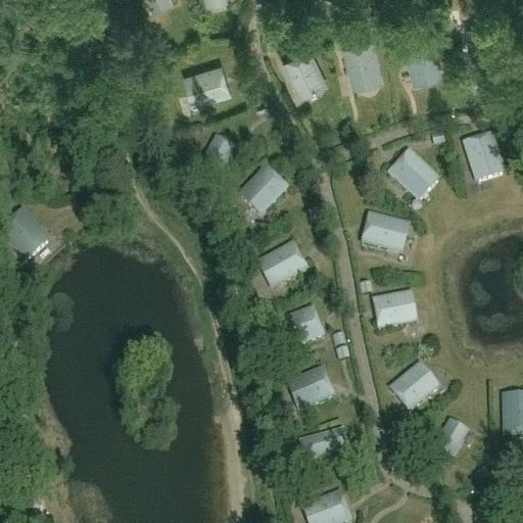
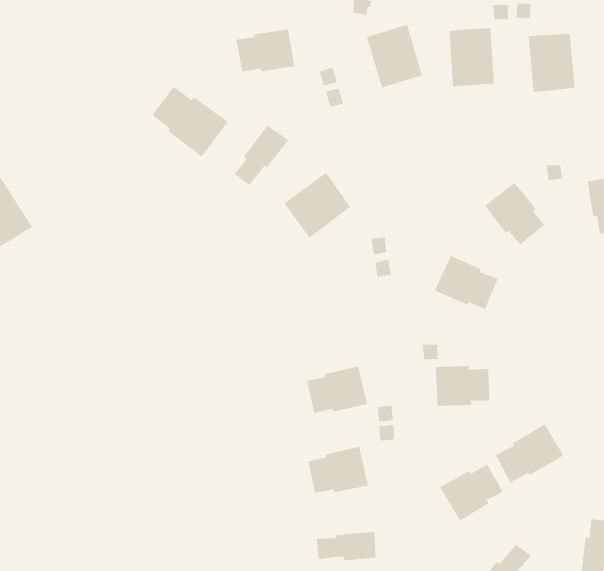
building: none -> [151,86,229,158]
building: [258,241,307,285] -> none
building: none -> [495,423,564,483]

